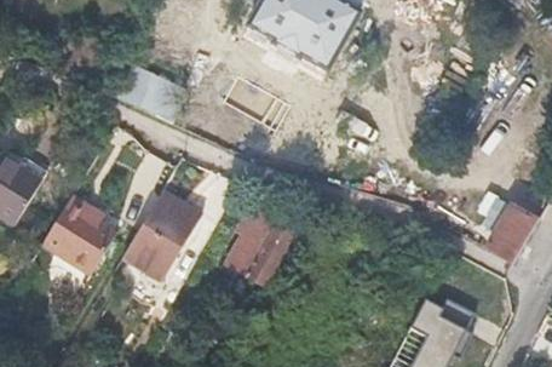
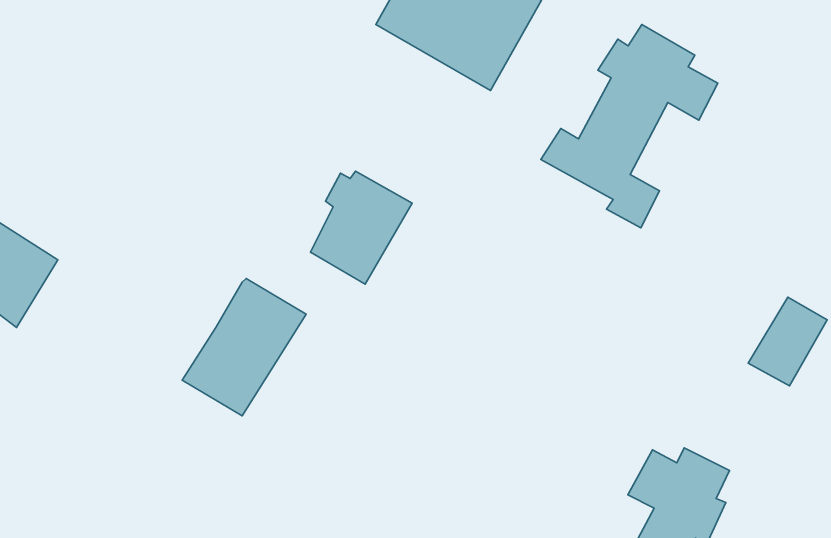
building: none -> [541,25,718,228]
building: [48,185,122,264] -> none
building: [228,210,293,282] -> [311,171,412,284]

